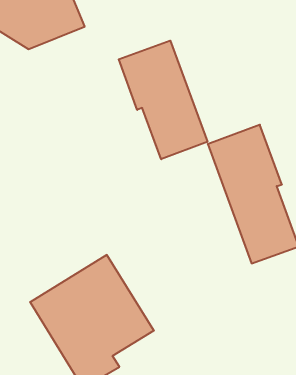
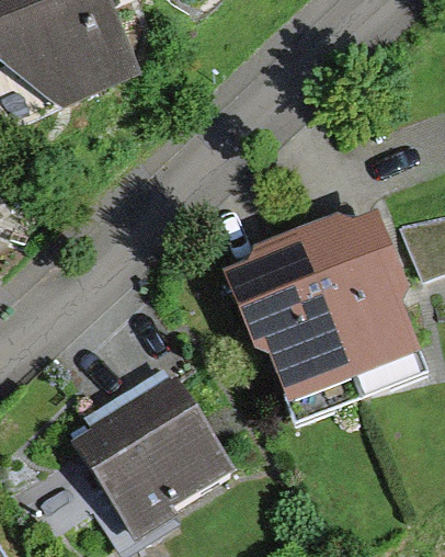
building: [119,41,207,159] -> none
building: none -> [229,227,357,405]

